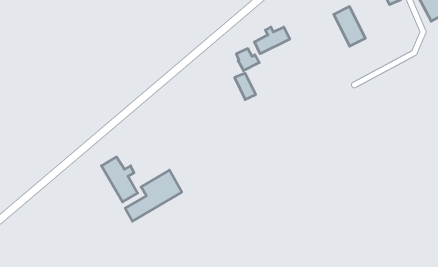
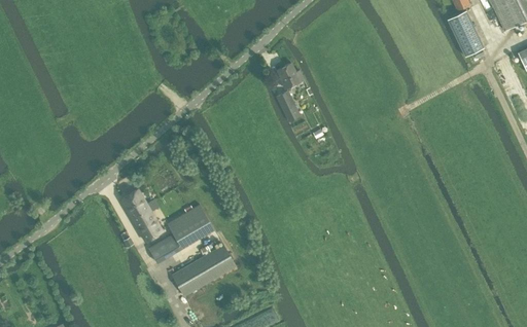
building: [334,7,365,46] -> [447,10,484,57]
building: [254,27,290,54] -> none
building: none -> [172,245,236,296]

